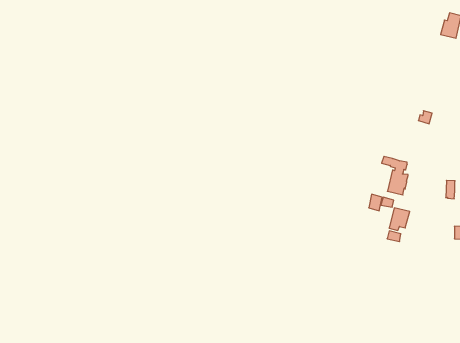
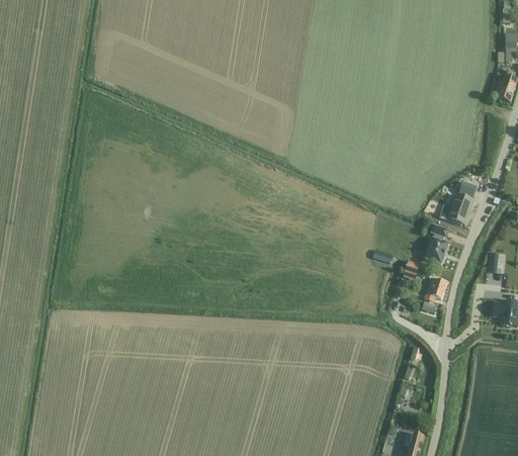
building: none -> [447,193,473,222]

